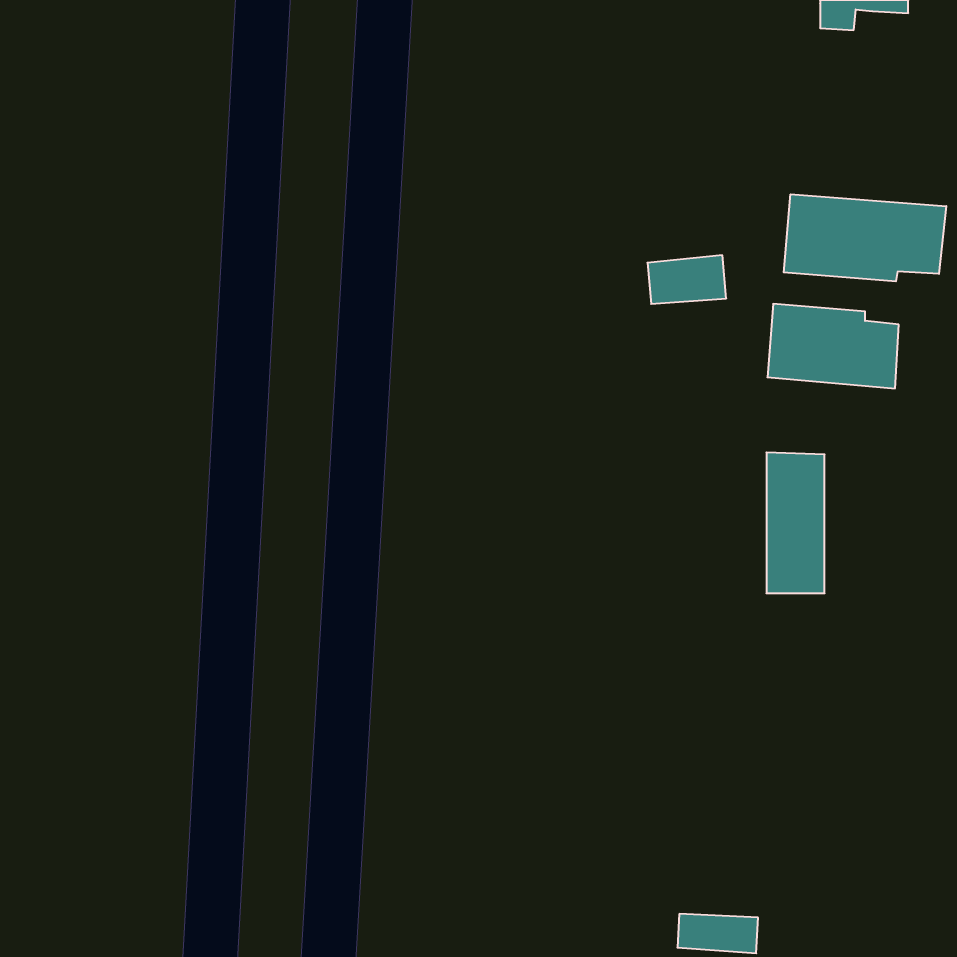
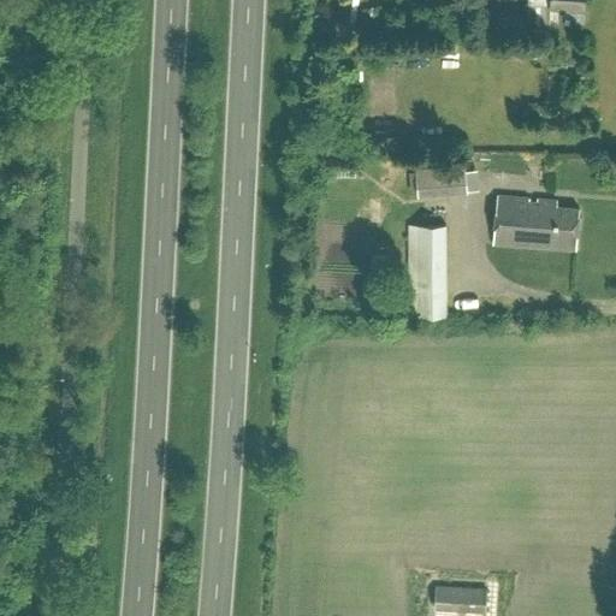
building: [784,194,946,281] -> none
building: [766,452,825,593] -> [408,225,445,315]

